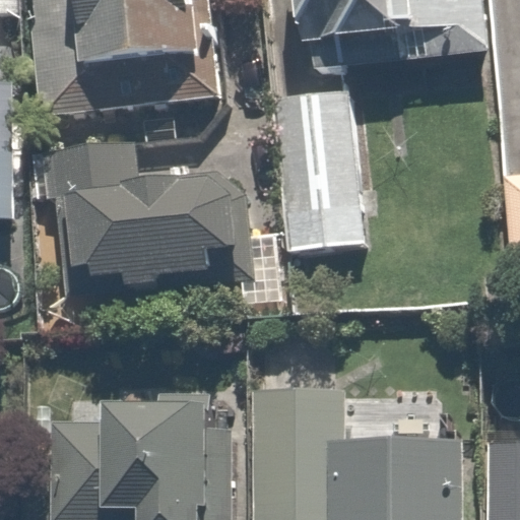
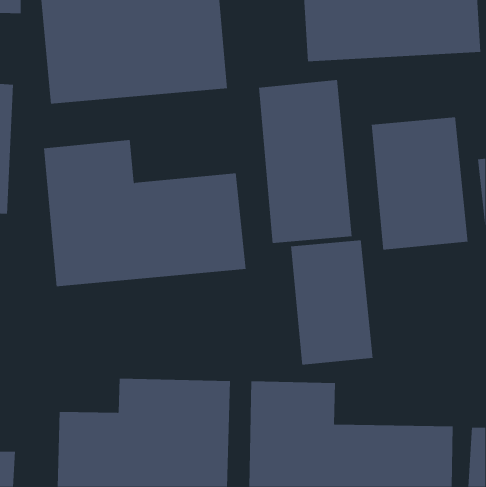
building: none -> [371,117,468,251]
building: none -> [290,239,373,366]

